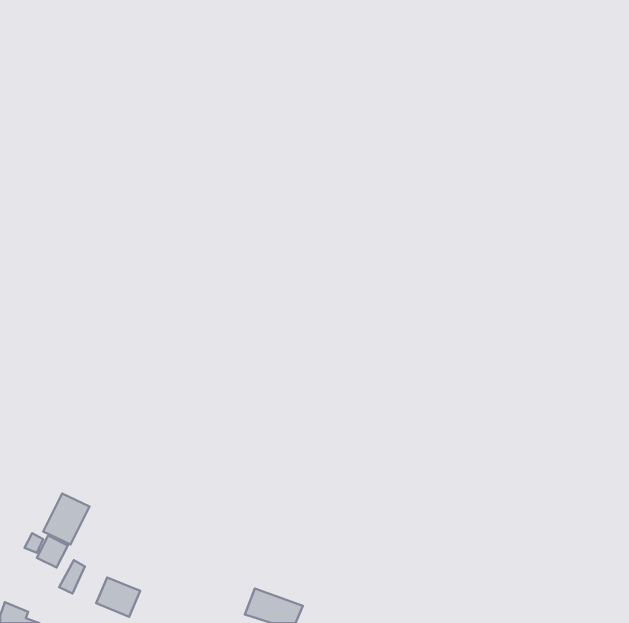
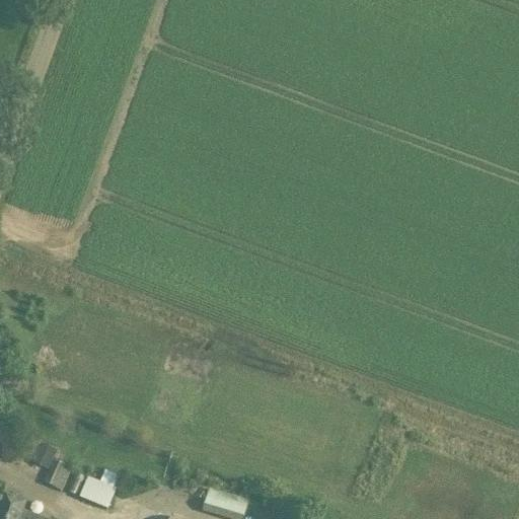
building: [43,494,90,545] -> none

